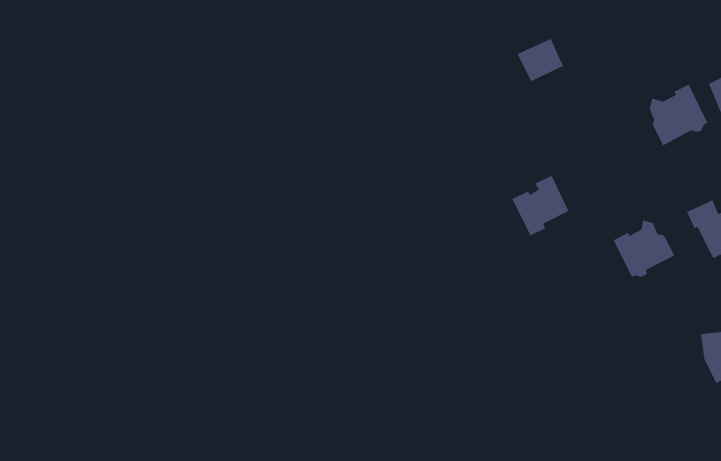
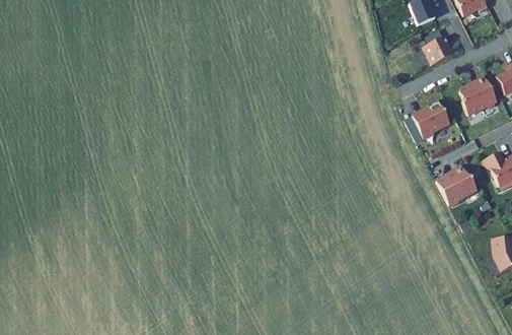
building: [517,38,564,82] -> [423,35,453,63]
building: [511,175,569,236] -> [411,99,448,139]

